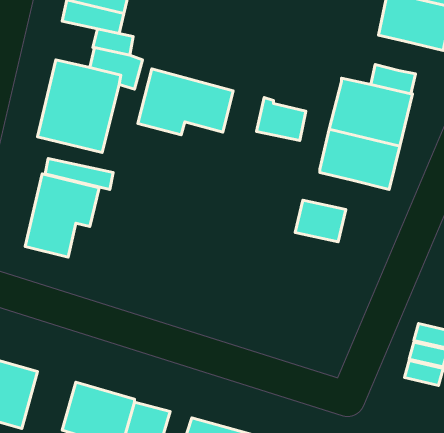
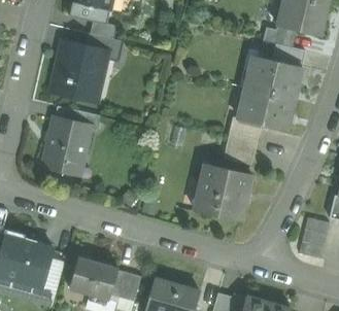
building: none -> [263,25,297,48]
building: [138,69,233,135] -> none
building: [257,97,306,141] -> [229,112,262,141]
building: none -> [194,160,252,219]

